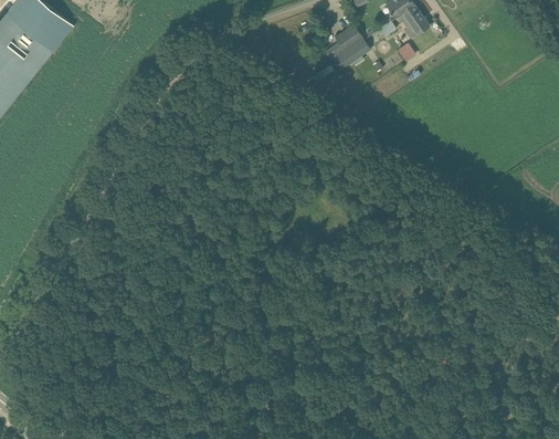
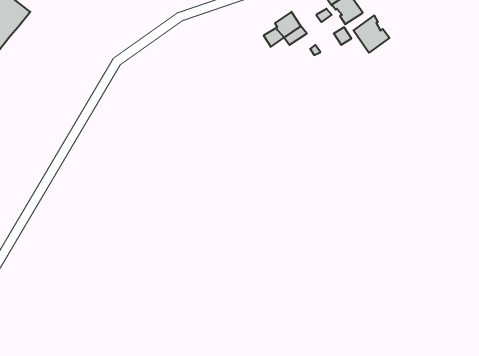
building: none -> [353,15,389,53]

